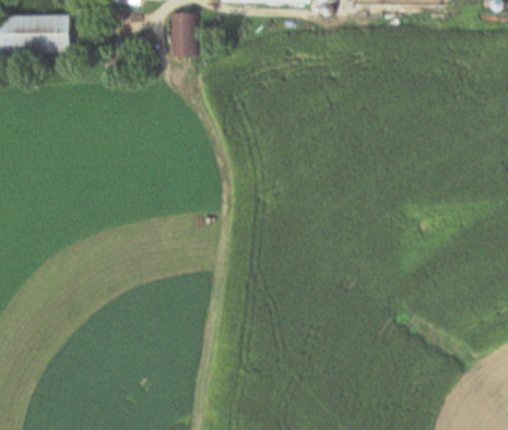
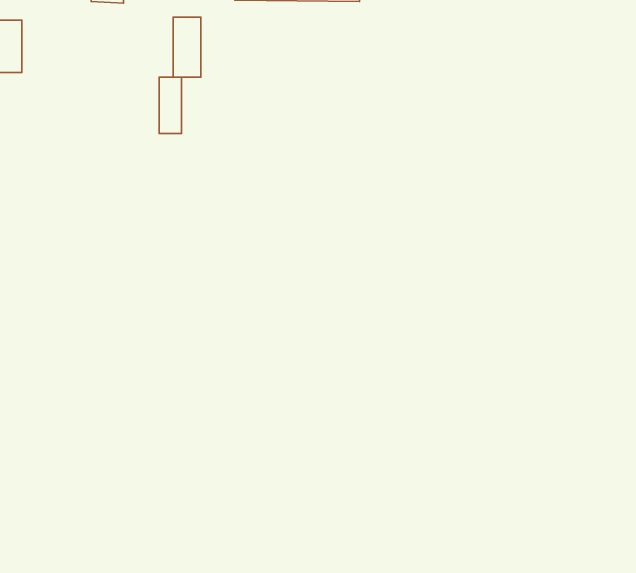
building: none -> [159,77,181,133]

